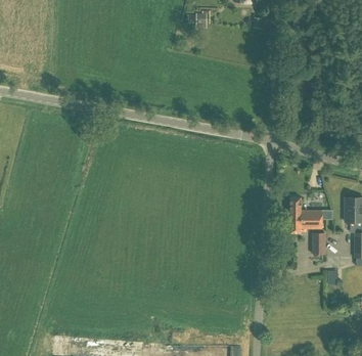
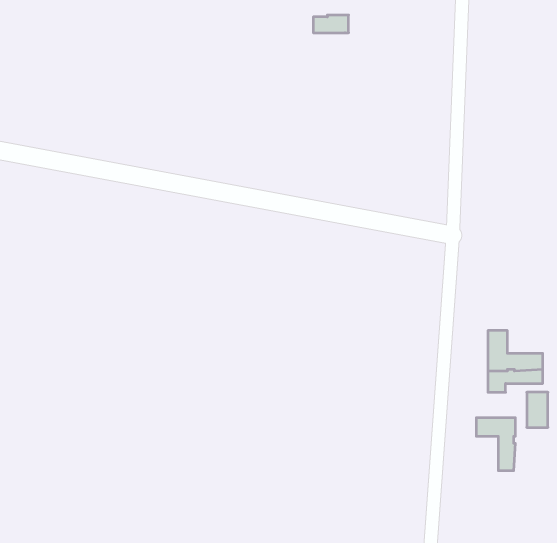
building: none -> [476,418,515,471]

